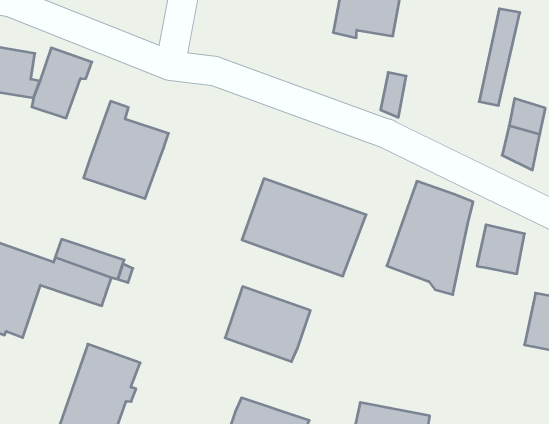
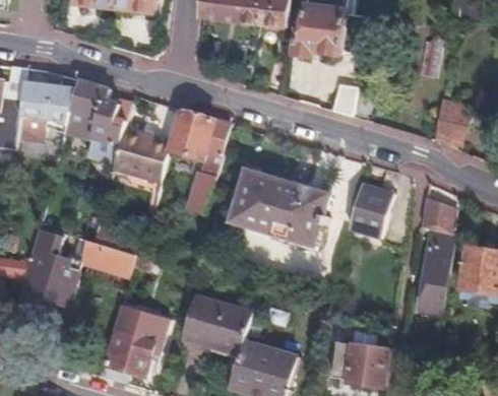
building: none -> [84,101,129,163]
building: none -> [169,110,231,214]
building: none -> [414,229,452,311]
building: [225,287,310,362] -> [184,298,249,353]

